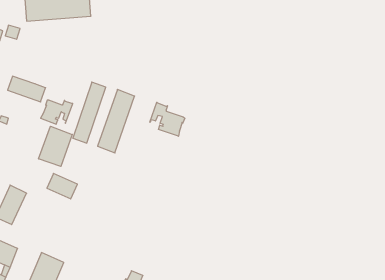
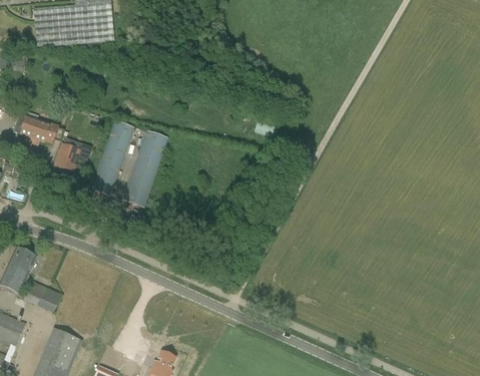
building: [150,102,185,136] -> none
building: [39,126,72,166] -> none
building: [47,173,77,199] -> [24,281,61,312]

